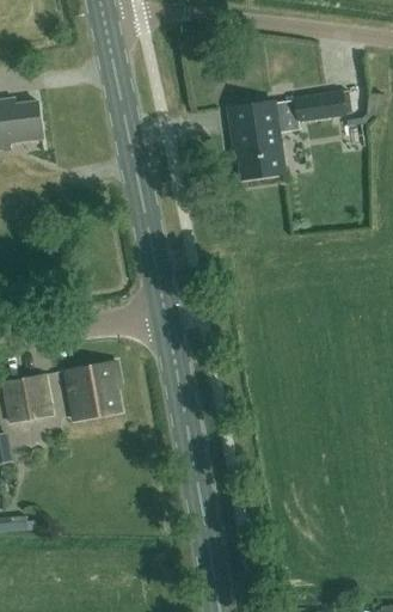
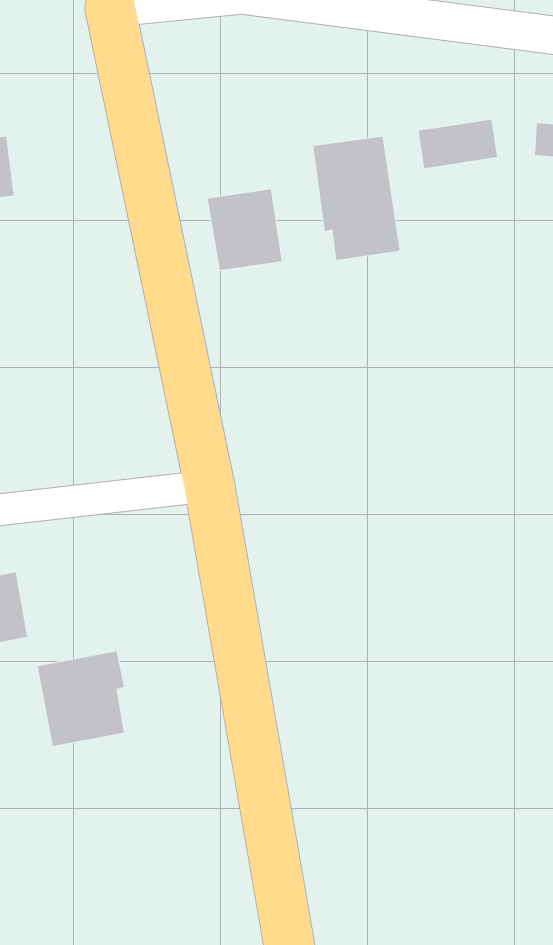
building: none -> [207,188,282,271]
building: [65,360,119,420] -> [37,651,125,746]

